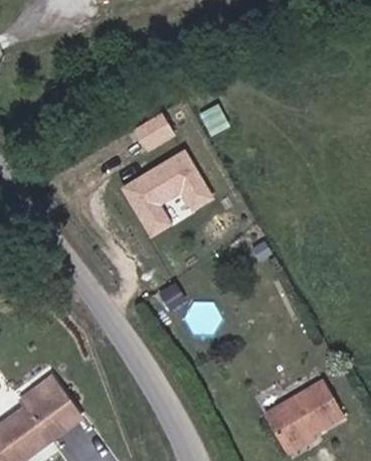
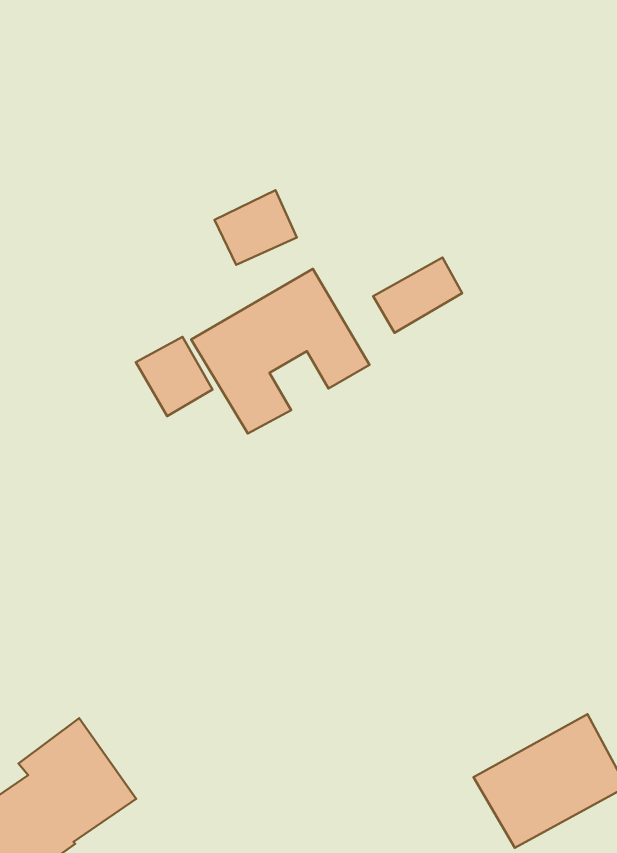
building: none -> [373,257,462,333]
building: none -> [136,337,212,416]

